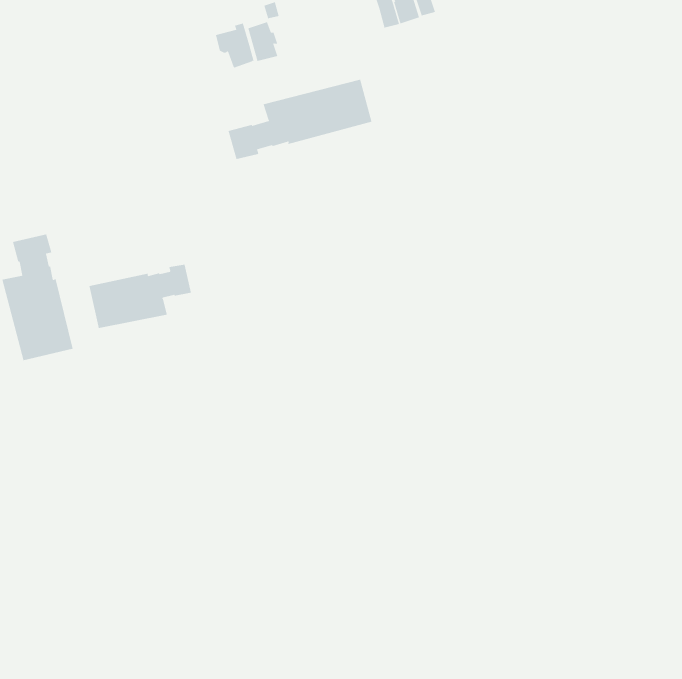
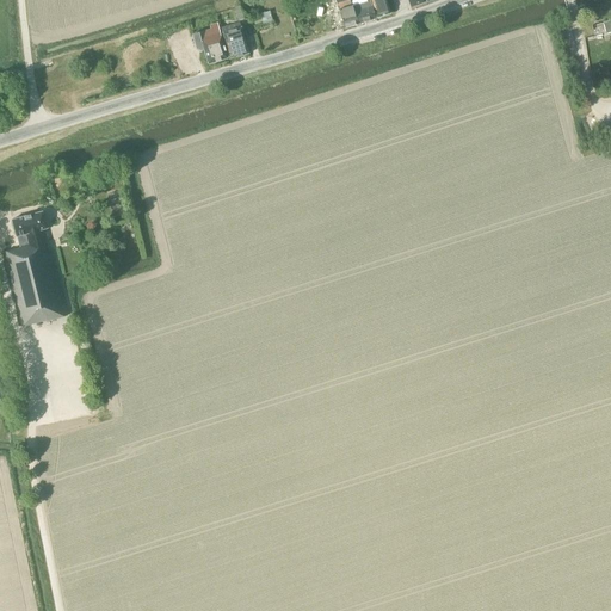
building: [228,79,372,160] -> none
building: [89,264,192,329] -> none

